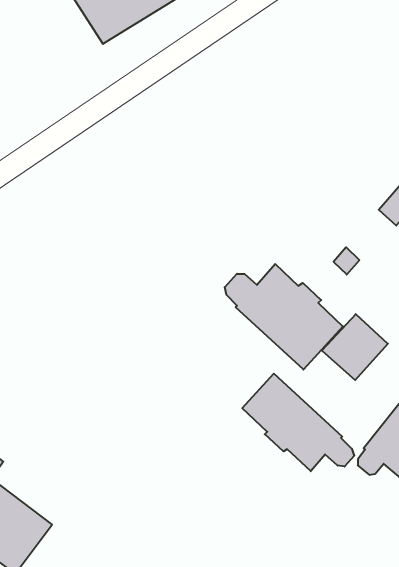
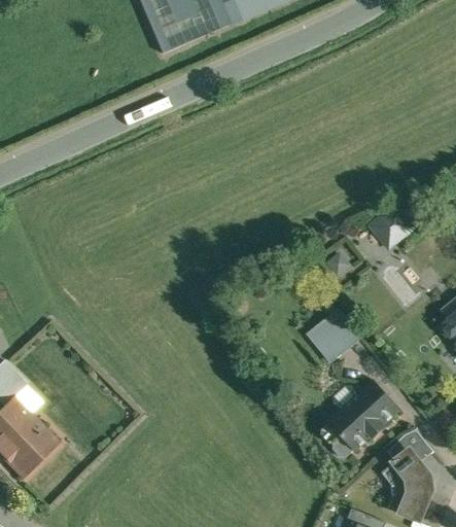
building: [225,264,343,370] -> none
building: [242,374,354,471] -> none

